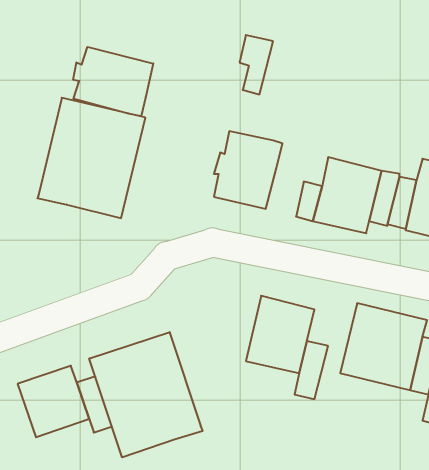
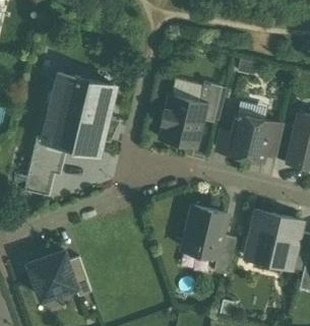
building: [240,35,273,94] -> [200,83,223,123]
building: [73,47,153,116] -> none
building: none -> [24,136,62,196]
building: [89,332,203,457] -> none

